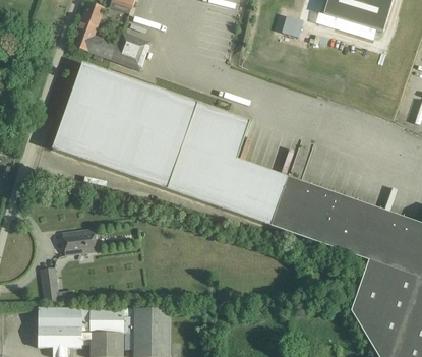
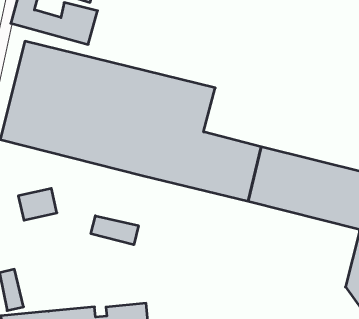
building: none -> [91,216,138,245]
building: [63,228,97,254] -> [18,188,57,220]

